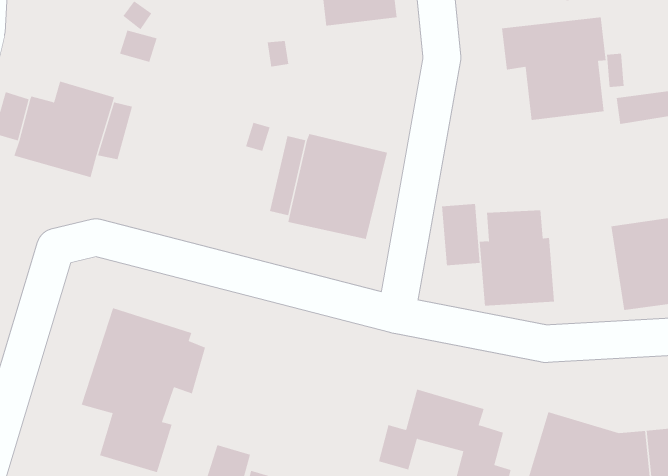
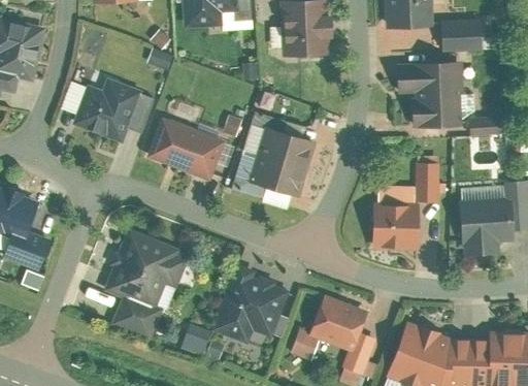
building: none -> [146,117,225,181]
building: [441,203,481,266] -> [416,163,438,202]
building: none -> [211,269,289,342]

